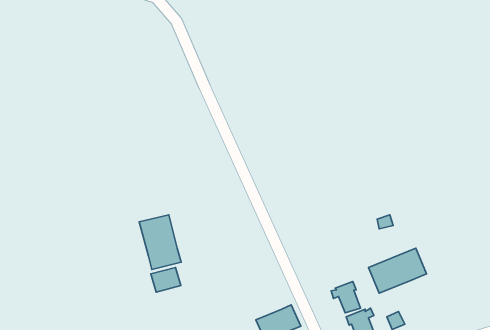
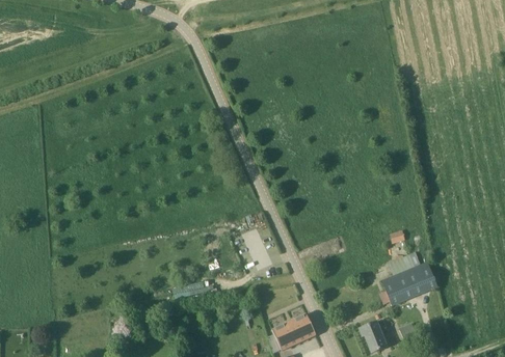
building: [139,215,181,269] -> none
building: [331,282,361,313] -> none

